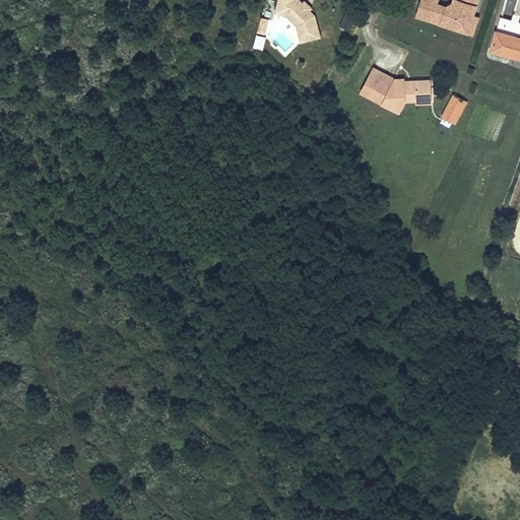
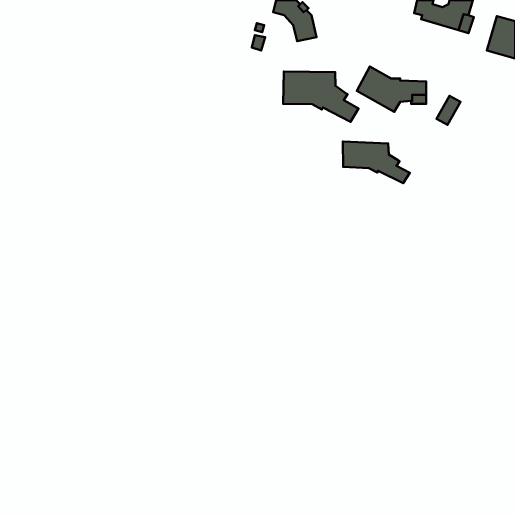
building: none -> [283,72,358,122]
building: none -> [343,142,410,183]

